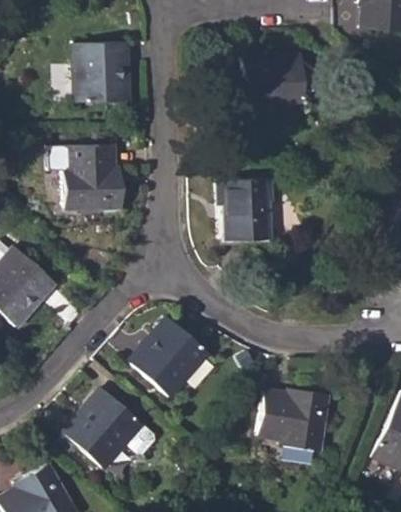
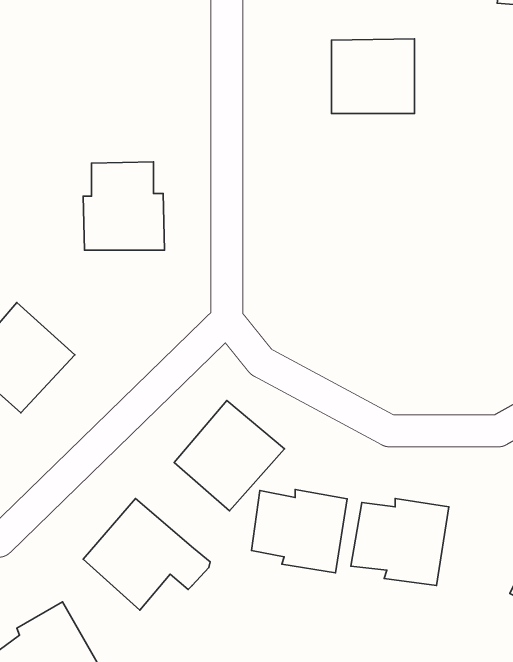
building: [73,42,129,103] -> none
building: [216,182,275,240] -> none
building: none -> [251,489,347,573]

